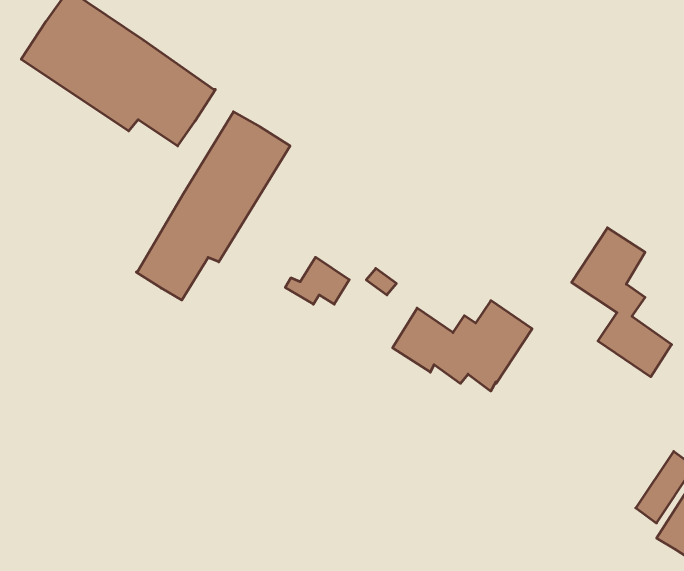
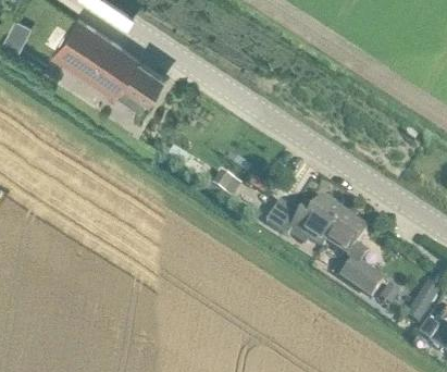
building: [136,112,290,300] -> none
building: [572,228,672,377] -> [325,213,383,299]

